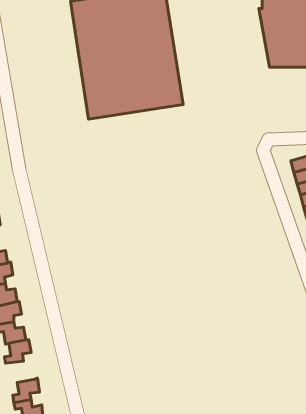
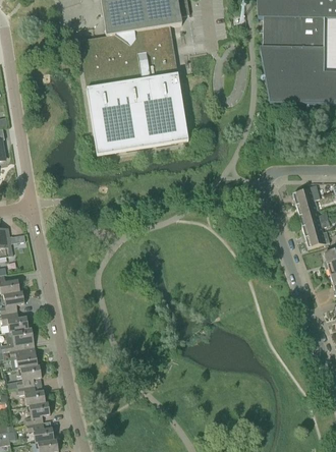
building: none -> [17,385,46,405]

